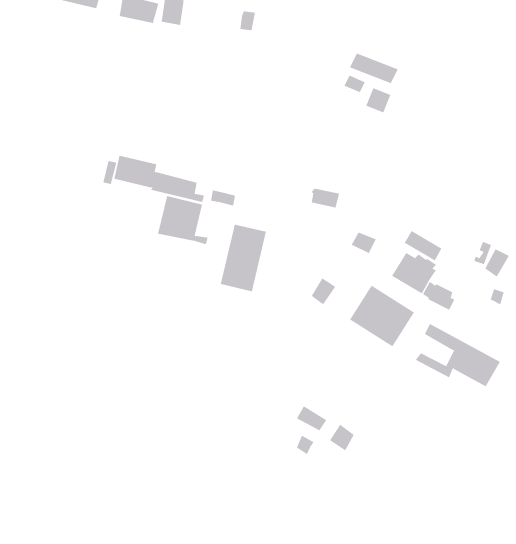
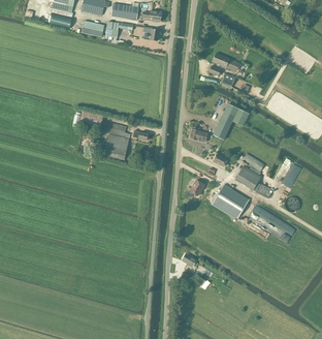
building: none -> [214,103,249,138]
building: [220,224,267,292] -> none

